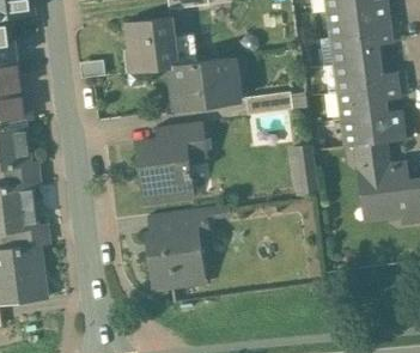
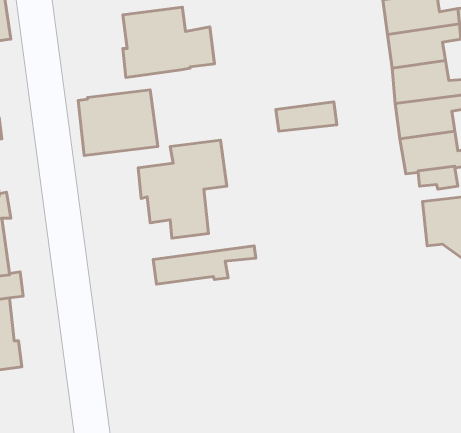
building: [170,57,232,109] -> [78,90,158,156]
building: [292,145,317,194] -> none
building: [146,227,199,286] -> none

